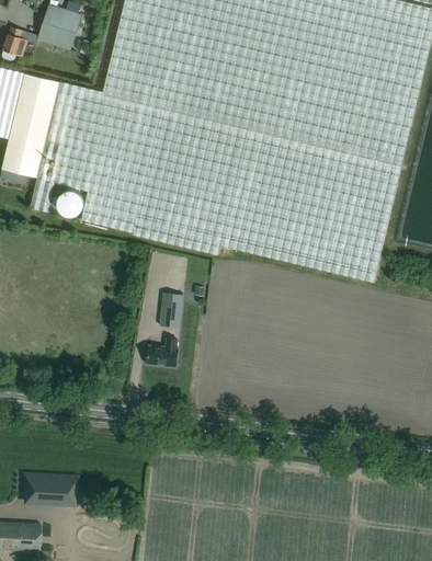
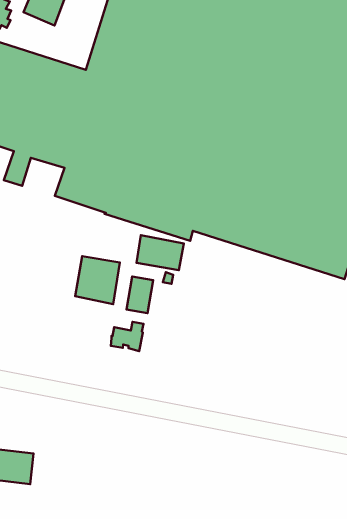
building: none -> [136,235,184,270]
building: none -> [75,256,120,304]

